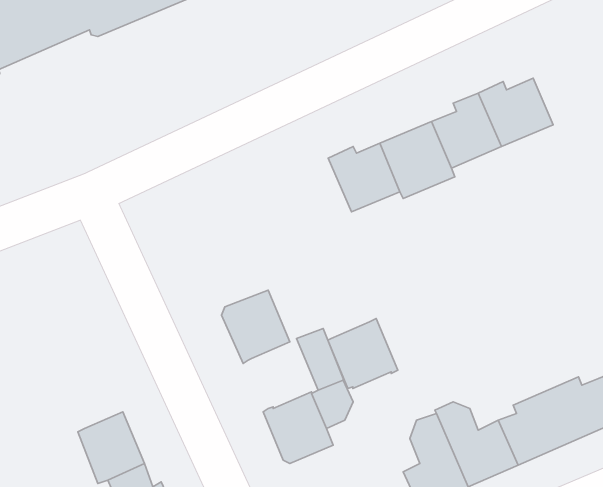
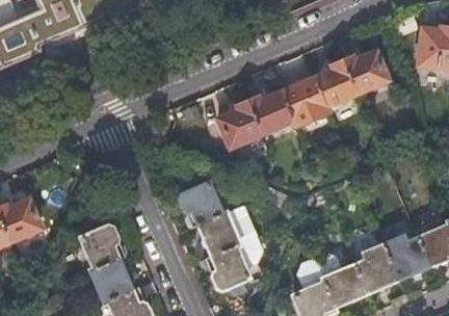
building: none -> [216,100,261,147]
building: [328,319,398,389] -> [196,212,240,256]
building: none -> [82,228,118,268]

